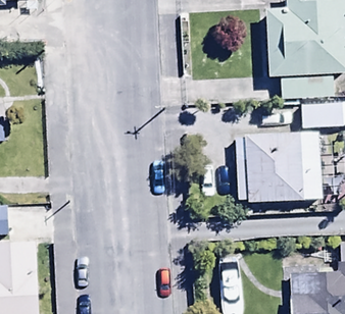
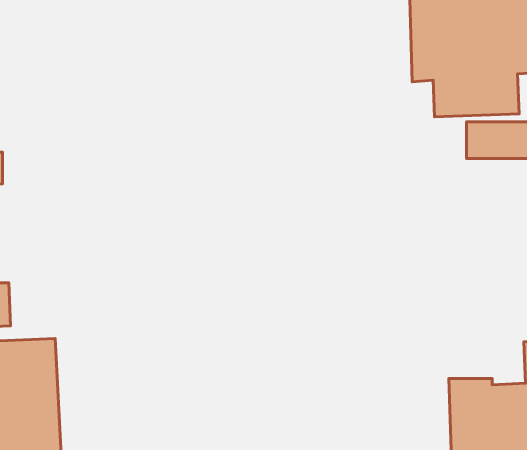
building: [236,132,322,201] -> none

